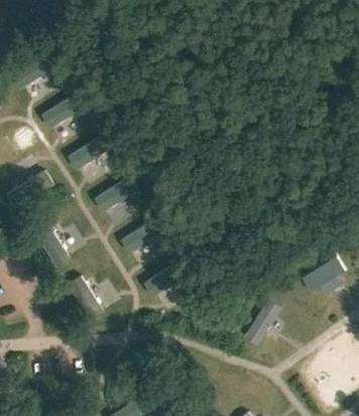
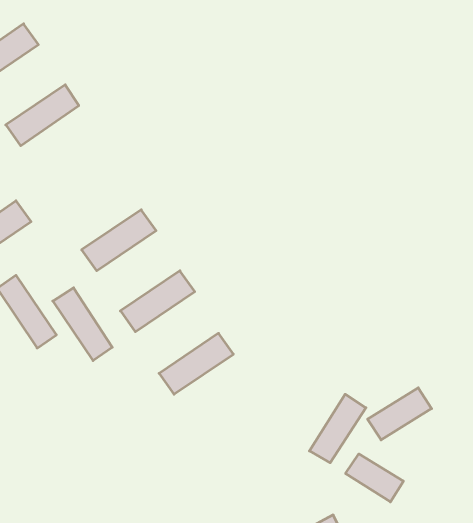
building: [63,132,112,173] -> none
building: [300,257,343,292] -> [368,388,432,440]
building: [65,272,105,321] -> [53,288,112,361]
building: none -> [346,454,403,502]

